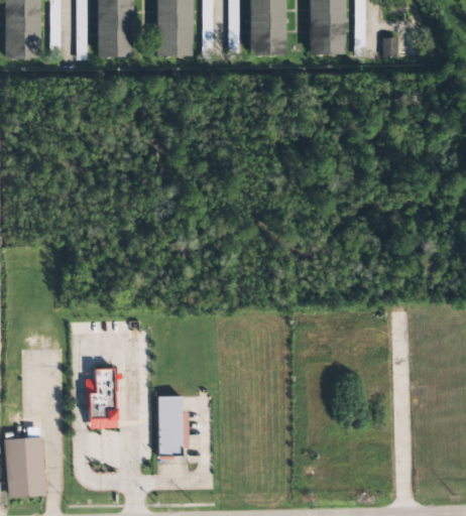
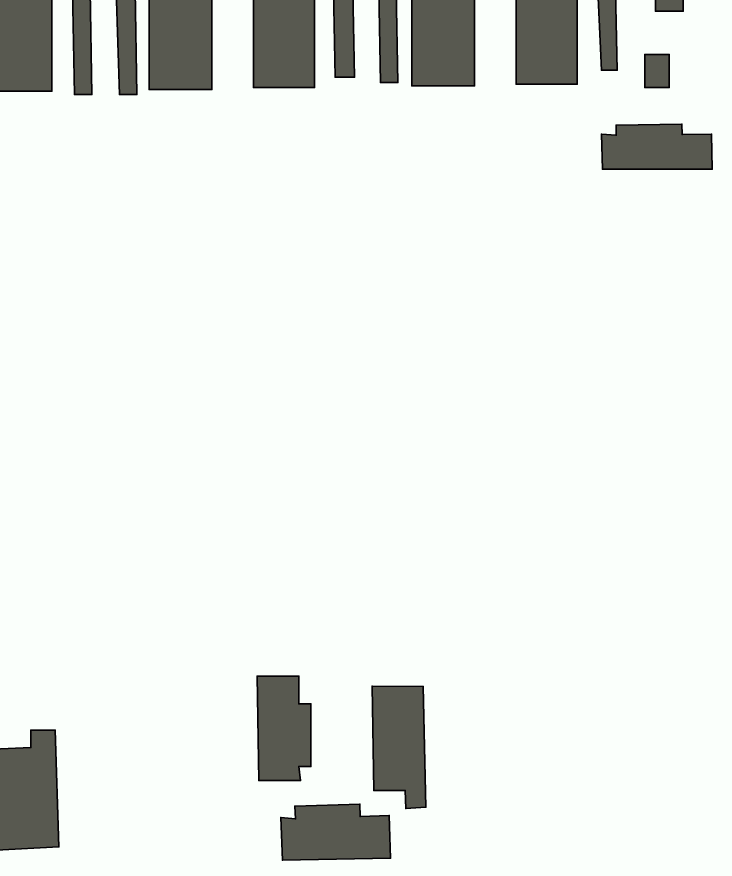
building: none -> [602,124,712,169]
building: [88,368,116,428] -> none
building: none -> [372,686,426,809]
building: none -> [281,804,390,860]

